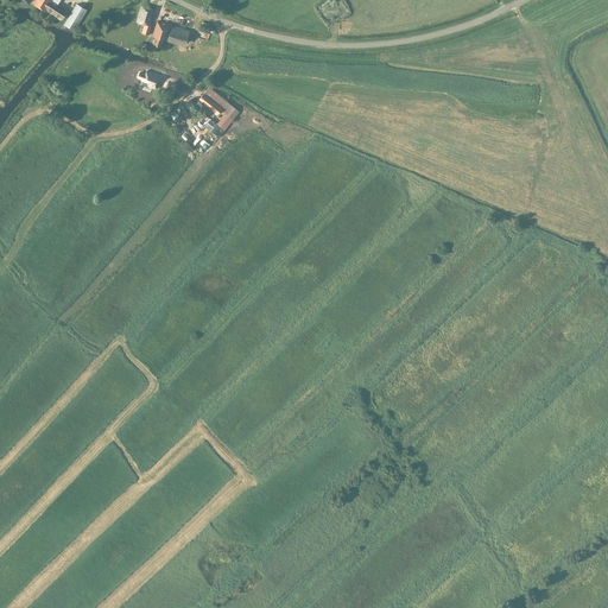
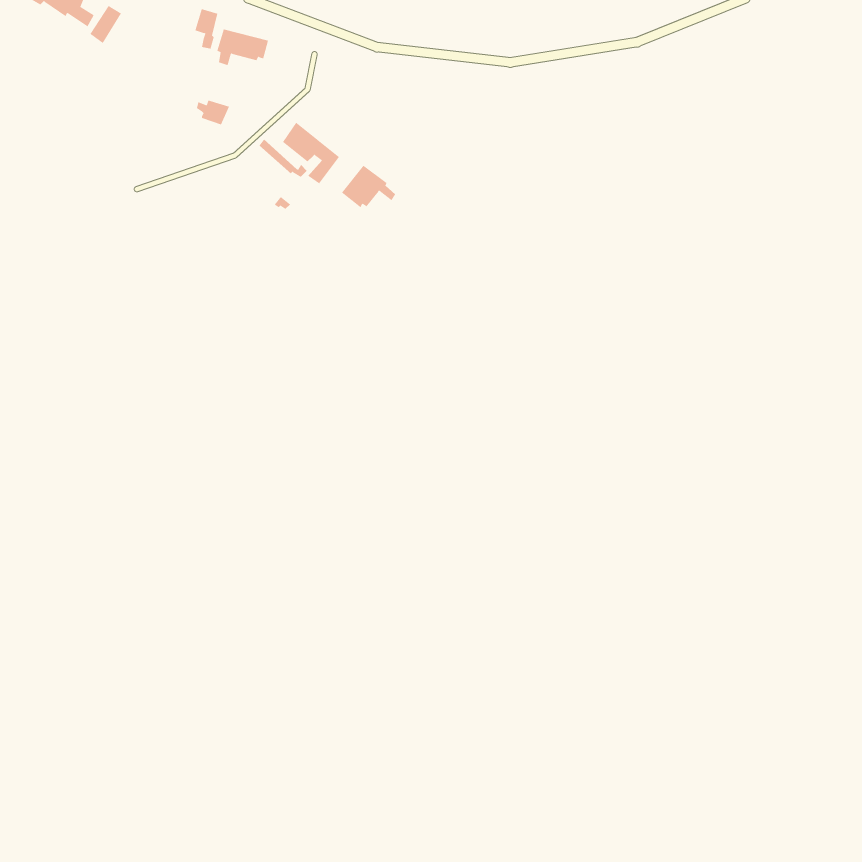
building: none -> [341,165,396,208]

